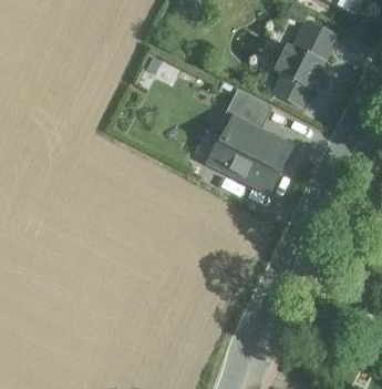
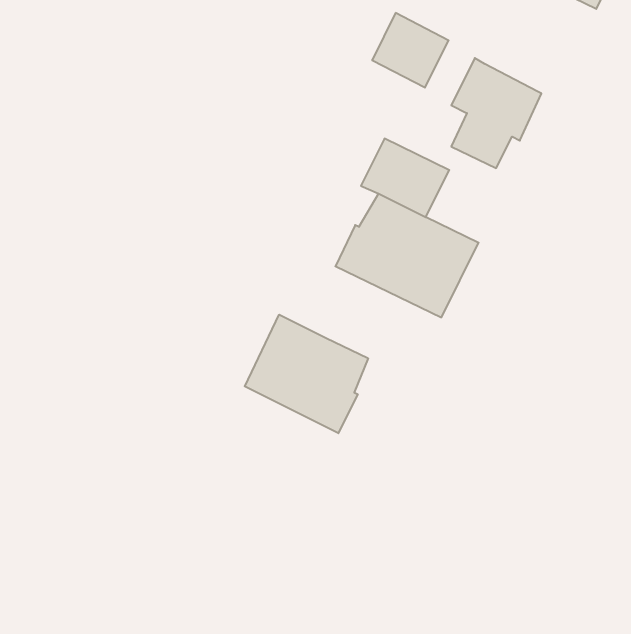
building: [292,19,335,61] -> [372,13,449,88]
building: none -> [245,315,368,433]

